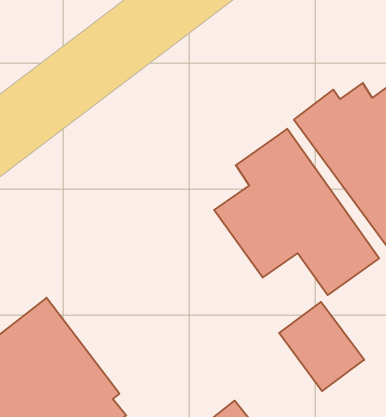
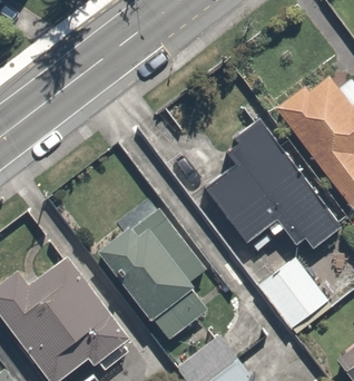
building: none -> [97,206,206,340]

